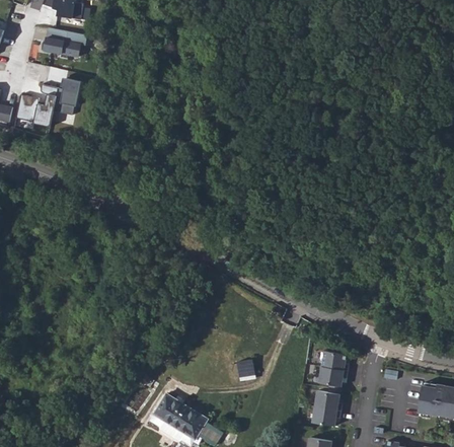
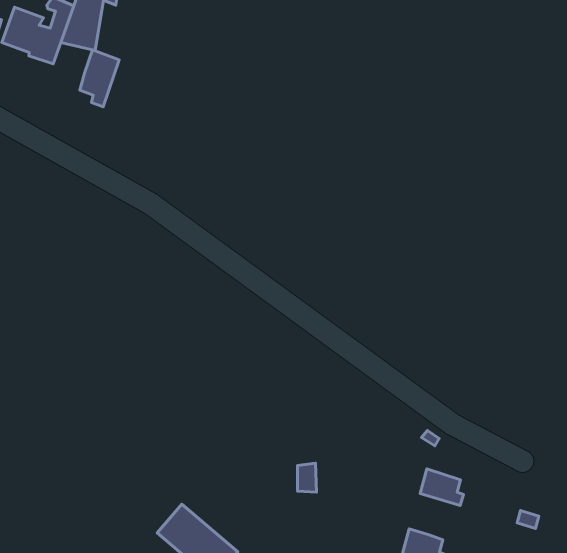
building: none -> [80,50,119,107]
building: [316,368,346,387] -> none

